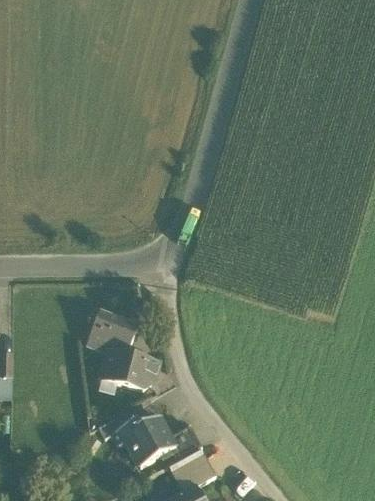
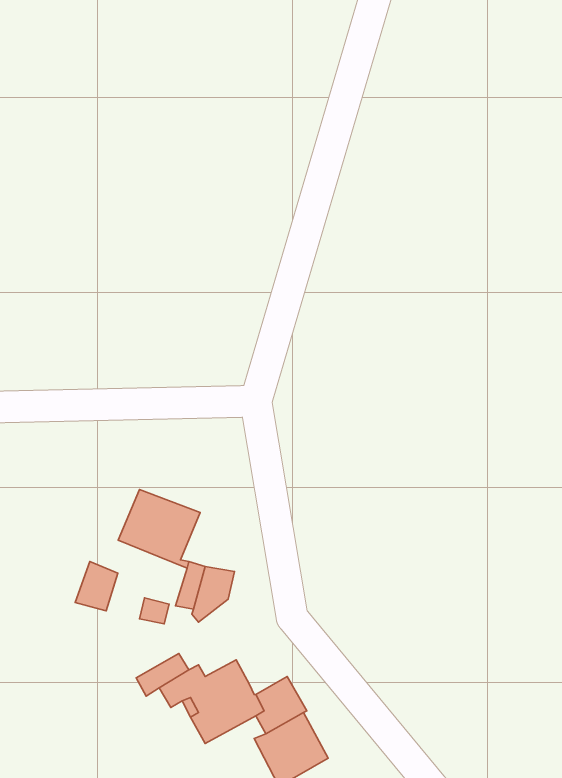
building: [102,352,128,382] -> [75,562,118,611]

